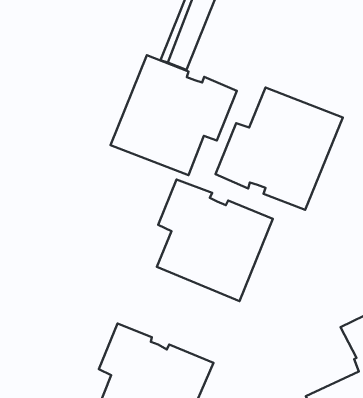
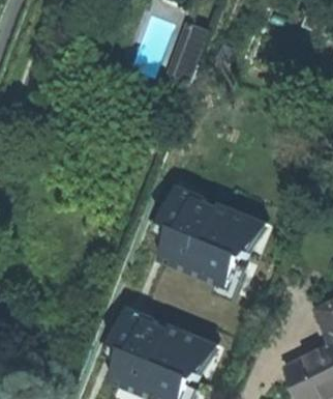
building: [111,55,237,175] -> none
building: [216,87,343,210] -> none

